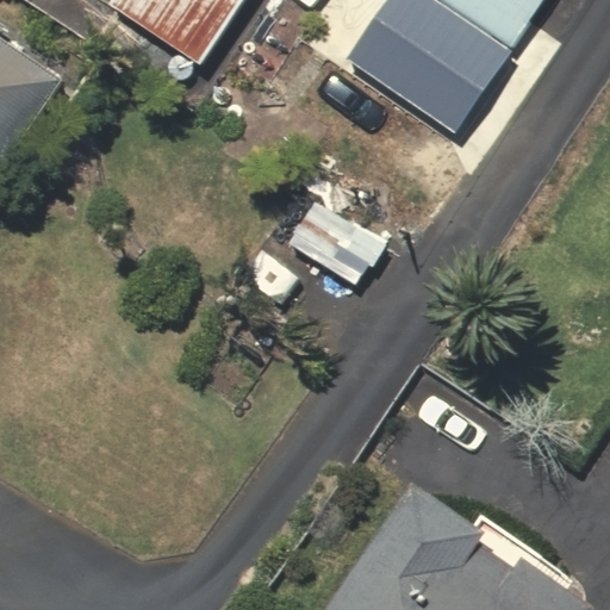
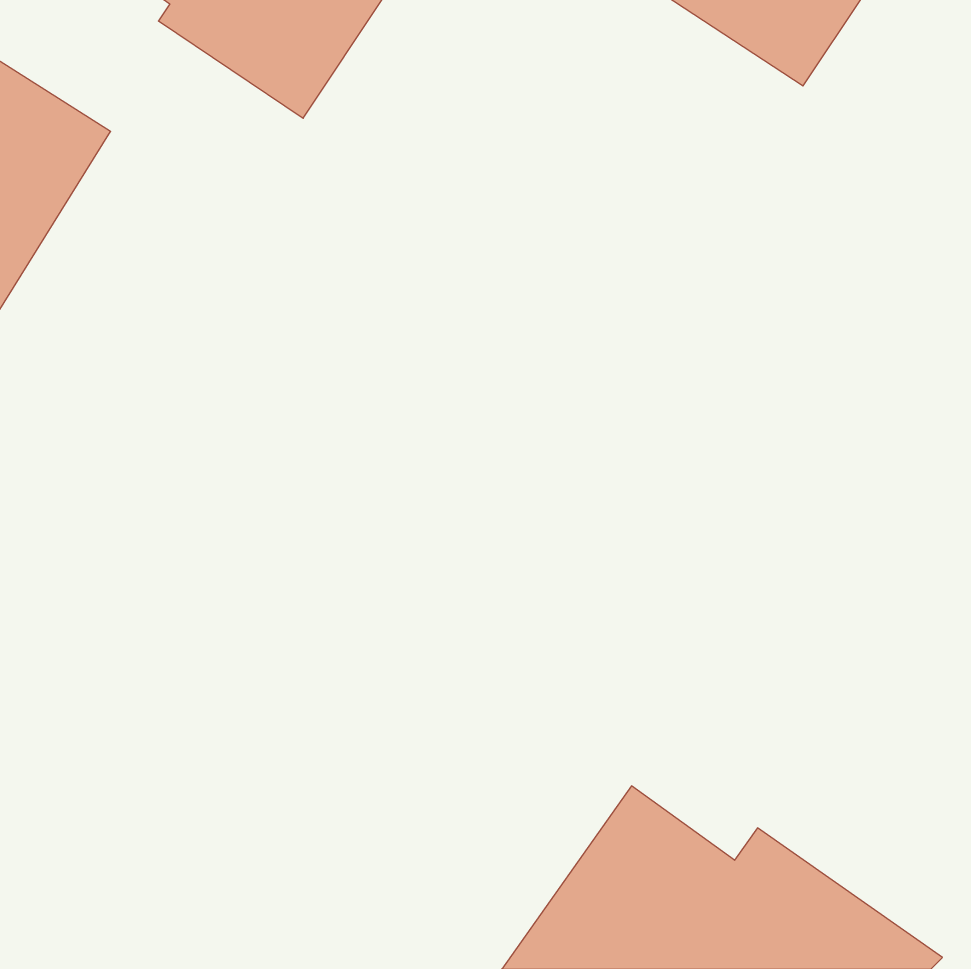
building: [350,7,510,150] -> none

